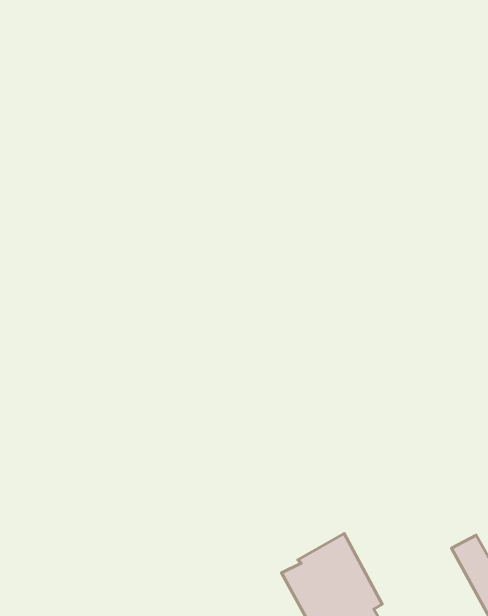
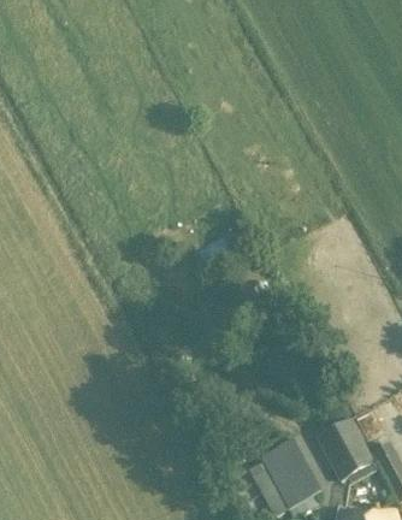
building: none -> [317,415,376,478]

